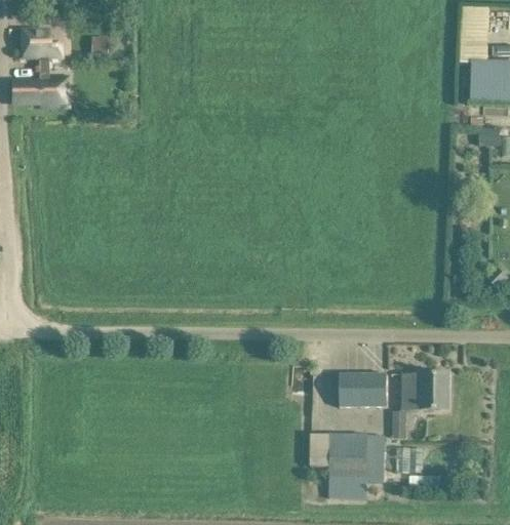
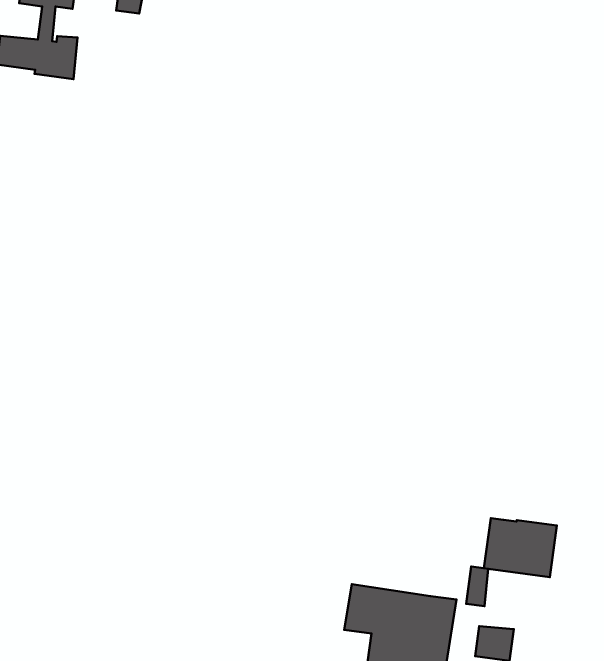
building: [339,373,386,407] -> none

